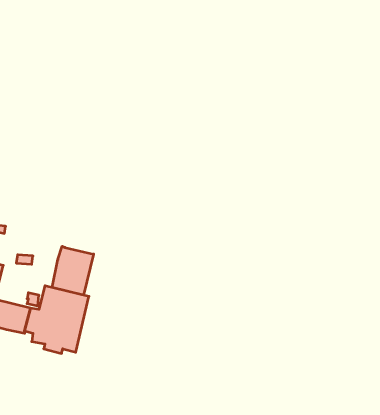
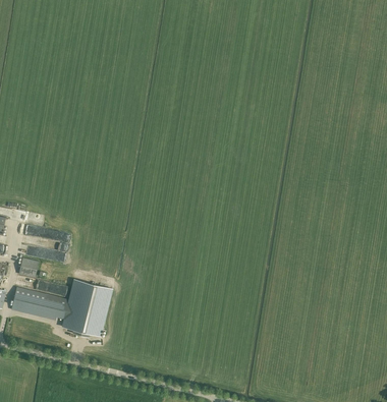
building: [52,246,94,295] -> none

